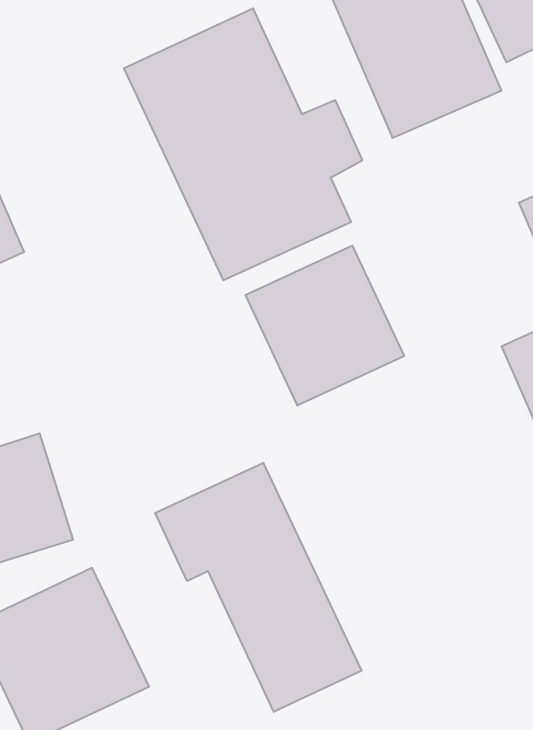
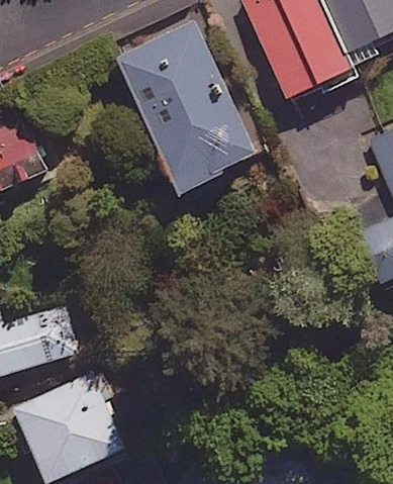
building: [245,245,404,406] -> none
building: [155,463,362,712] -> none

